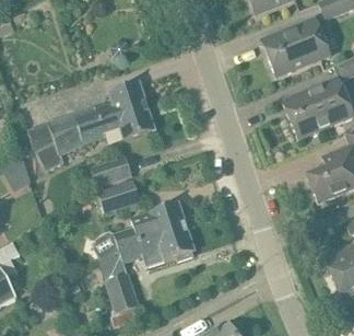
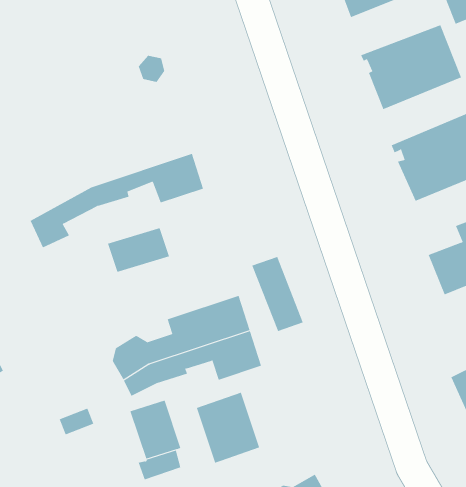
building: [28,81,148,152] -> none
building: none -> [251,256,304,332]
building: [97,179,140,212] -> none
building: none -> [196,392,260,464]

